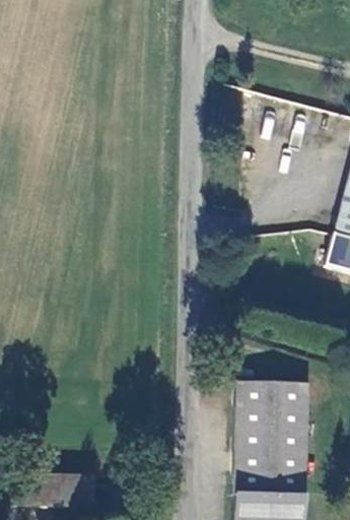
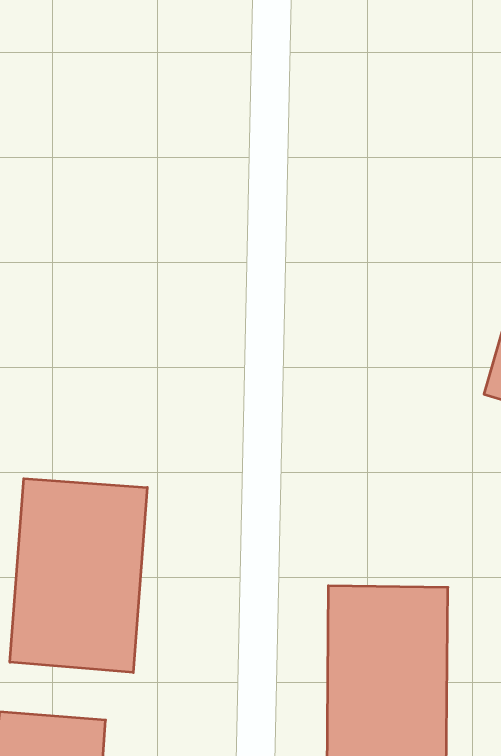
building: none -> [10,479,147,673]

